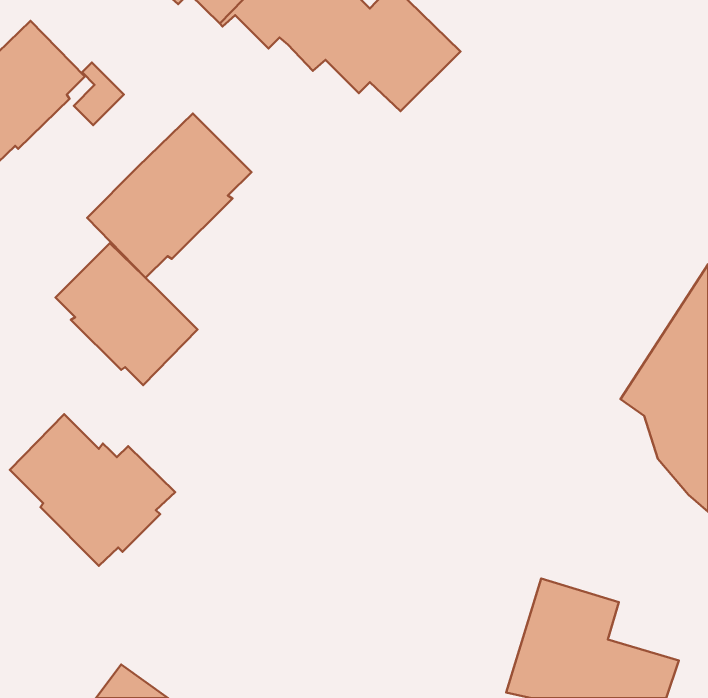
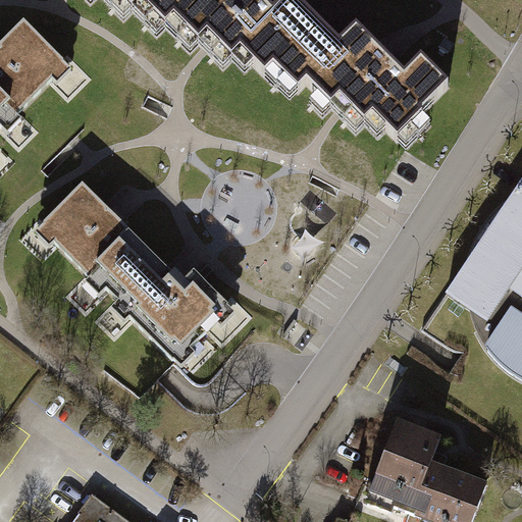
building: none -> [294,21,446,133]
building: [87,113,251,278] -> none
building: [10,414,175,566] -> [105,242,226,353]

